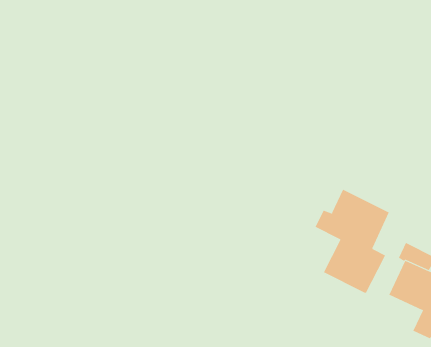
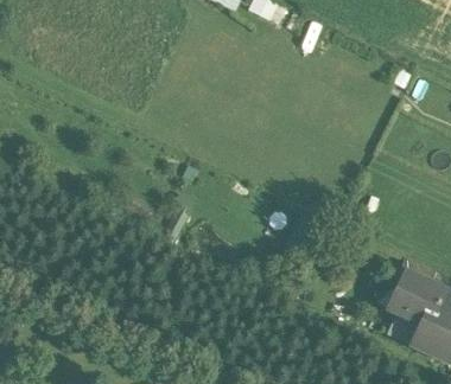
building: [315,189,390,293] -> none

